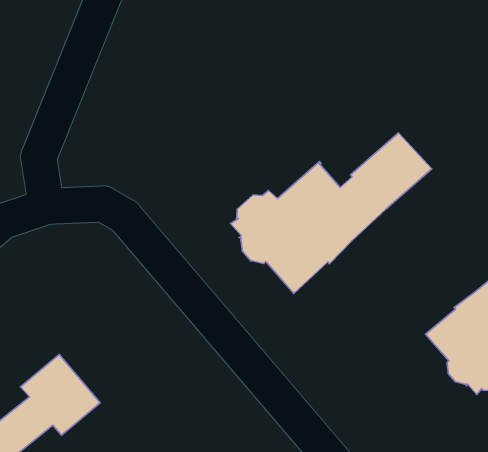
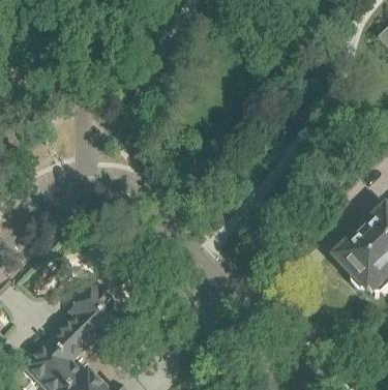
building: [231,133,432,294] -> none

